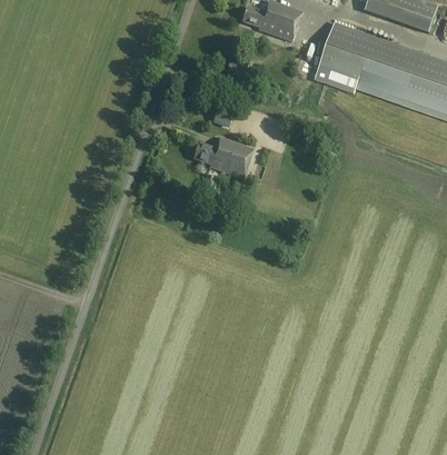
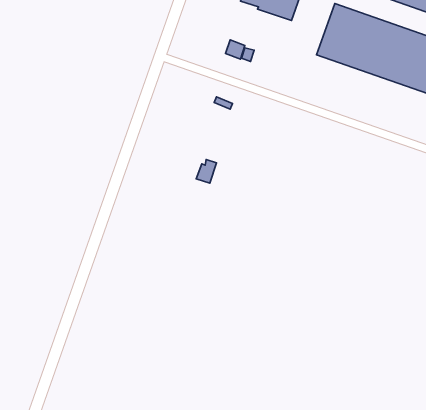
building: [192,136,252,177] -> none

